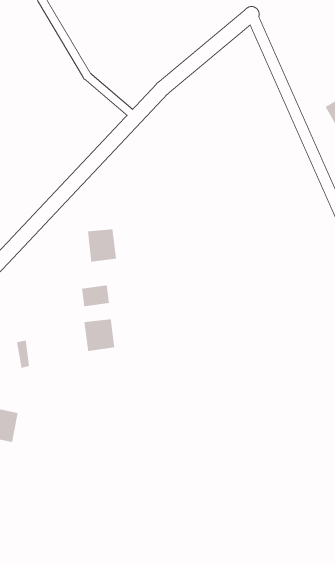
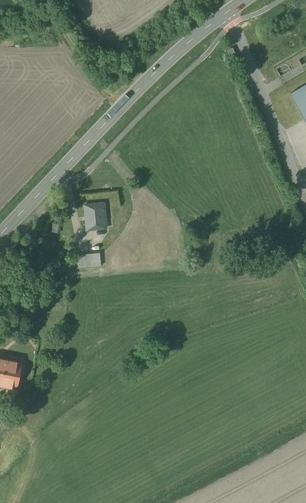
building: [84,319,115,352] -> none

